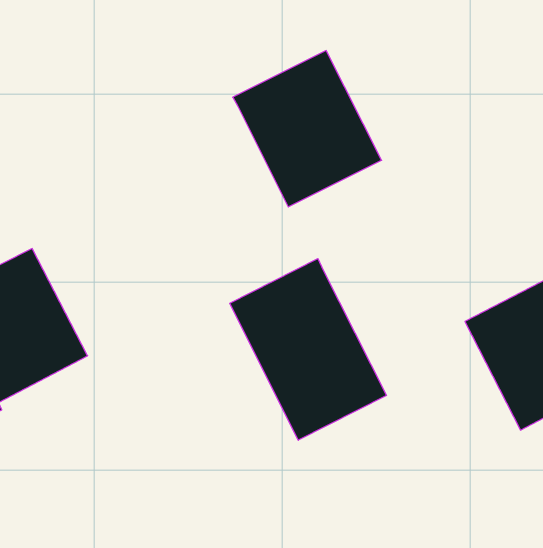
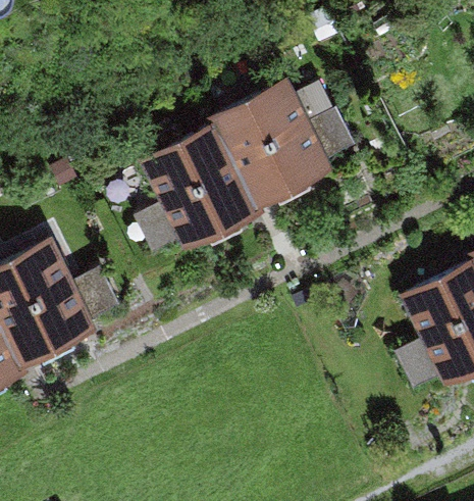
building: none -> [140,126,261,252]
building: [230,259,386,440] -> none

